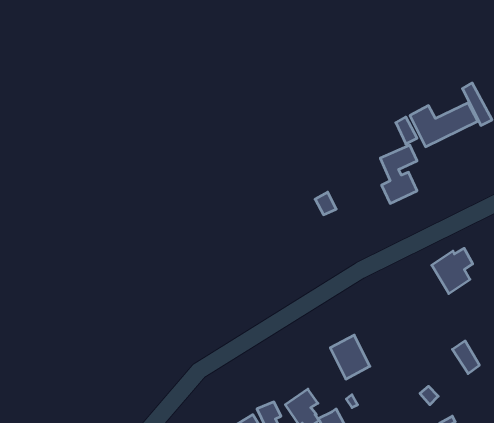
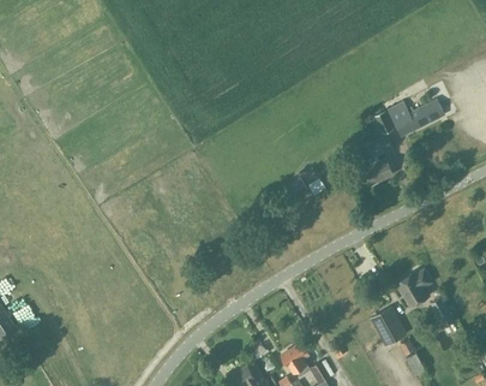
building: [432,248,473,294] -> [396,269,431,308]
building: [330,335,370,379] -> [371,308,404,345]

